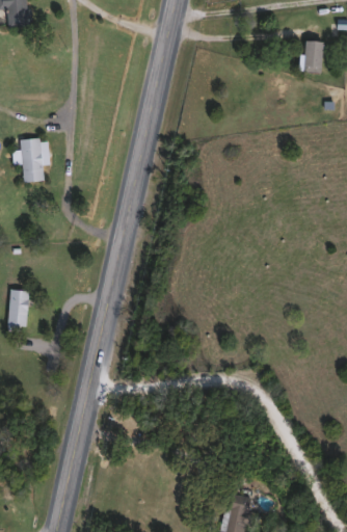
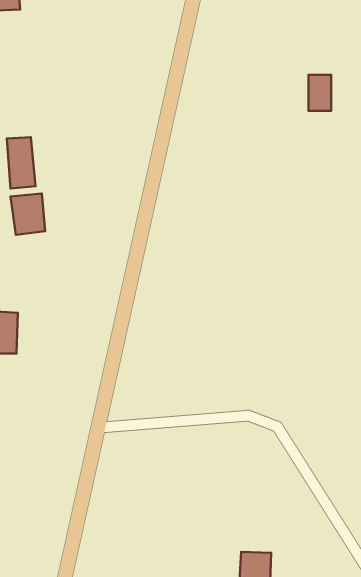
building: [303,41,323,72] -> [308,75,331,111]
building: none -> [11,193,45,235]

